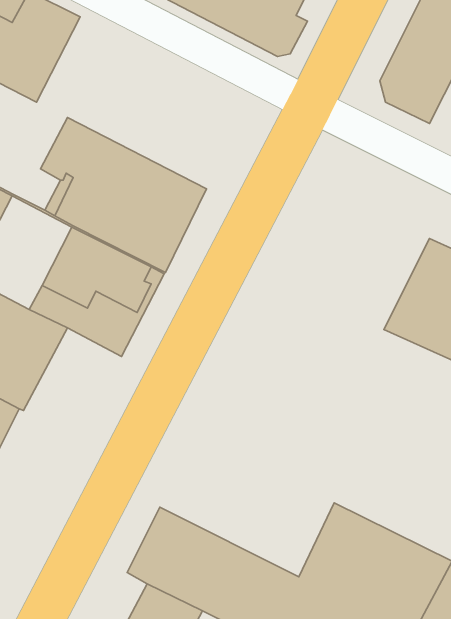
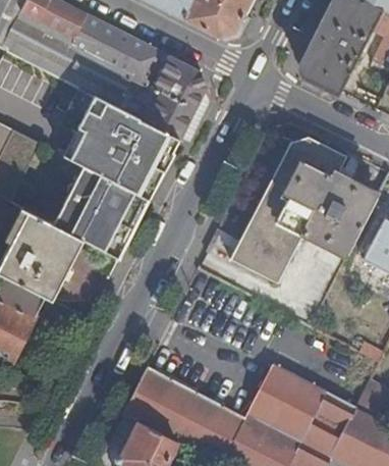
building: none -> [57,15,205,139]
building: none -> [231,139,347,287]

